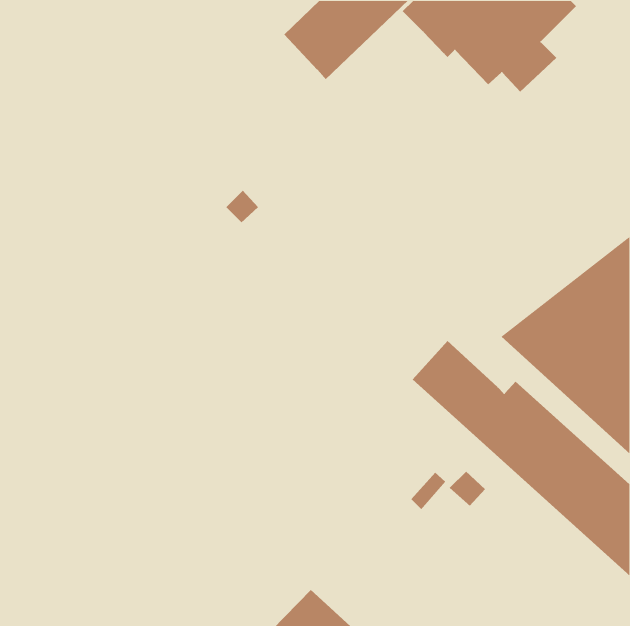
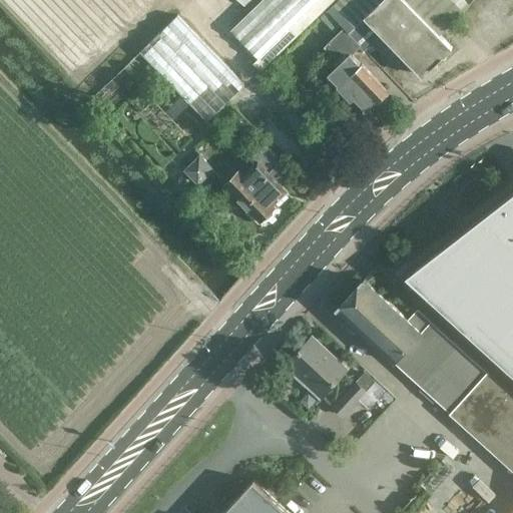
building: none -> [138,16,243,122]
building: none -> [324,29,390,114]
building: none -> [223,139,285,222]
building: none -> [286,340,345,401]

